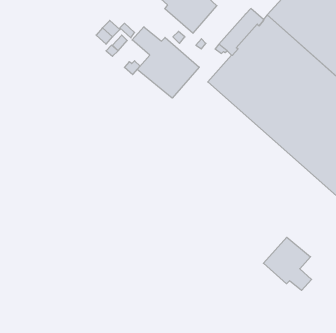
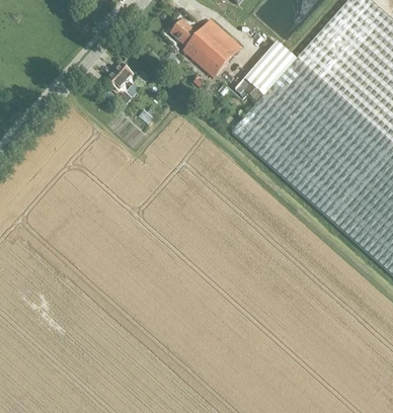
building: [132,27,199,98] -> none
building: [263,237,312,290] -> none

